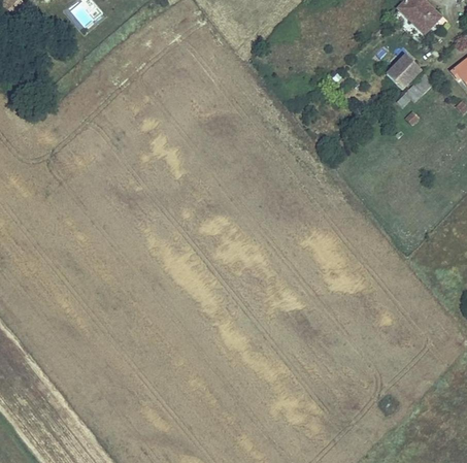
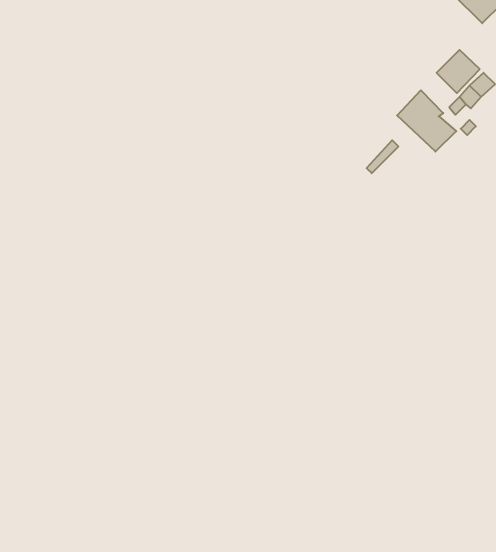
building: none -> [397,90,456,152]

